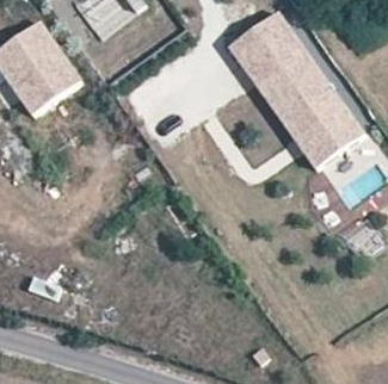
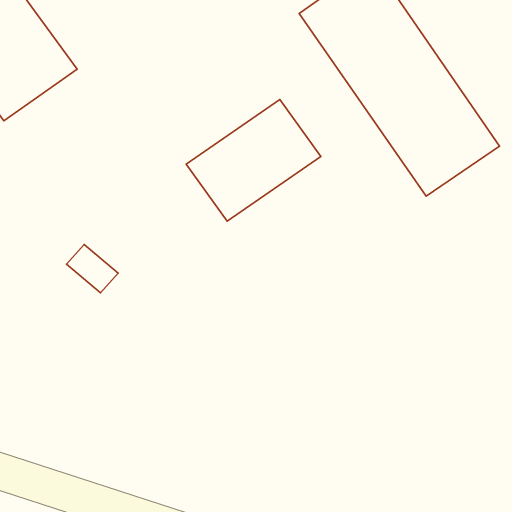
building: none -> [186,100,321,221]

